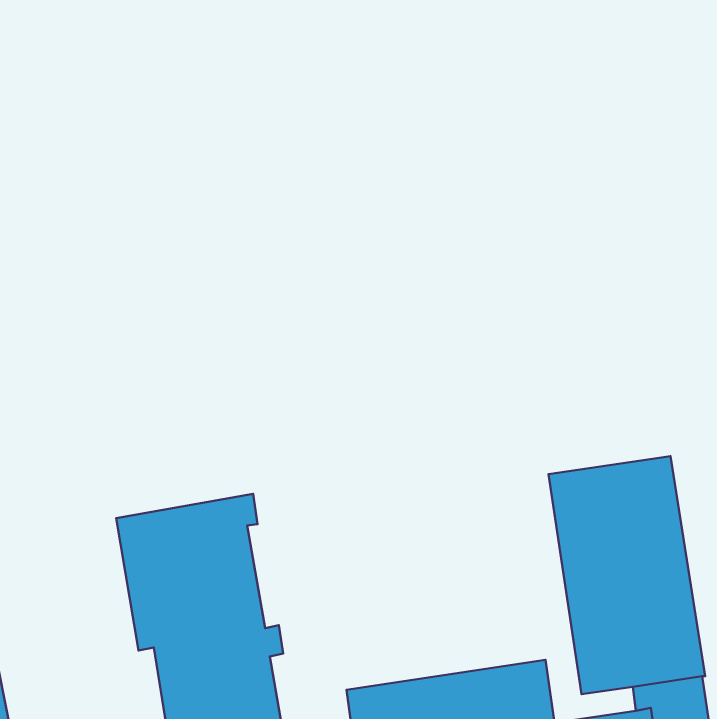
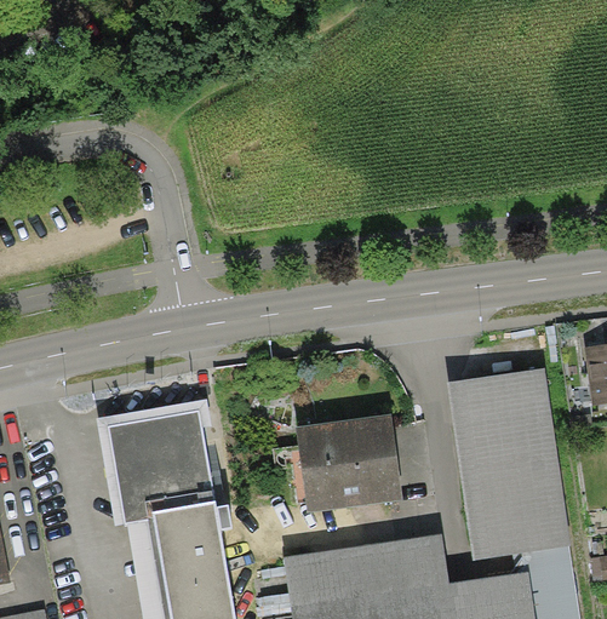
building: none -> [296,413,402,512]

